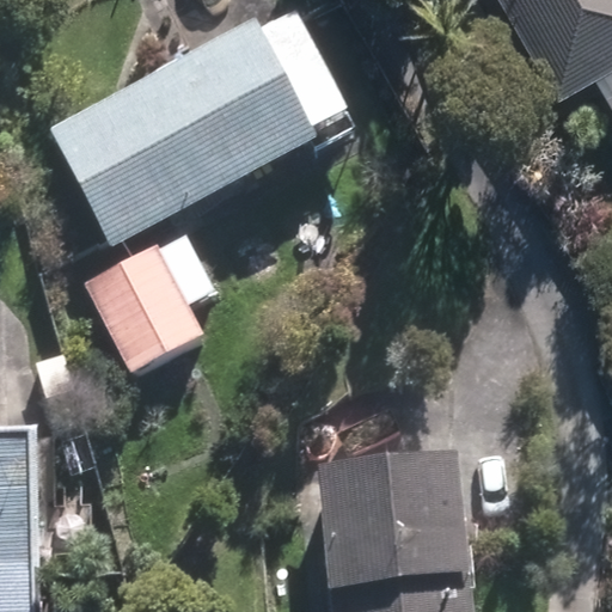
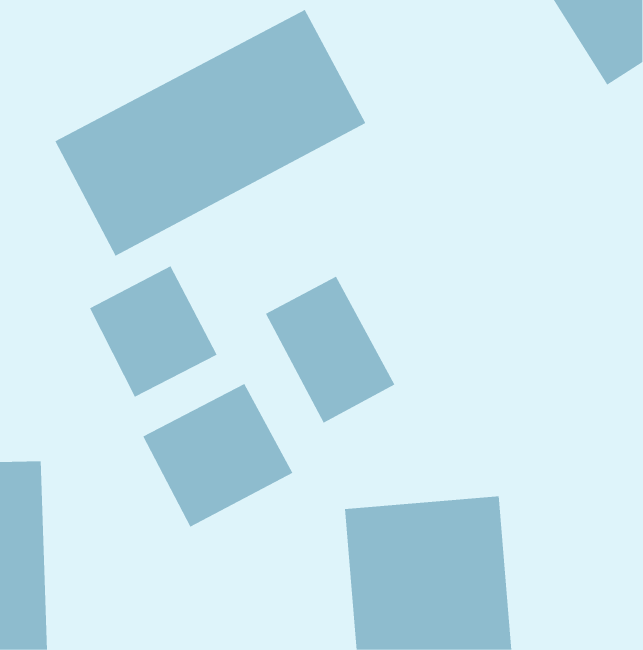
building: none -> [265,276,395,423]
building: none -> [143,383,293,528]

